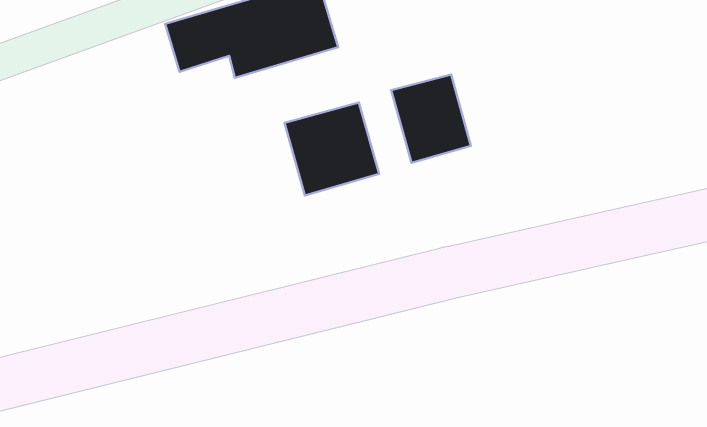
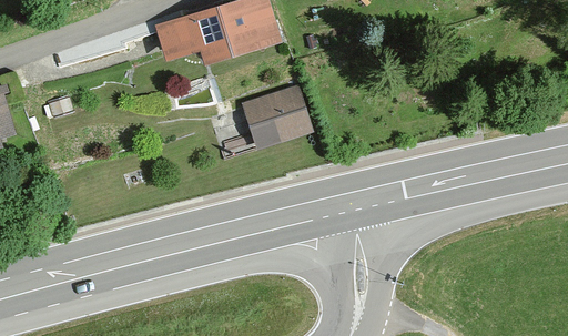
building: [391,74,471,163] -> none

